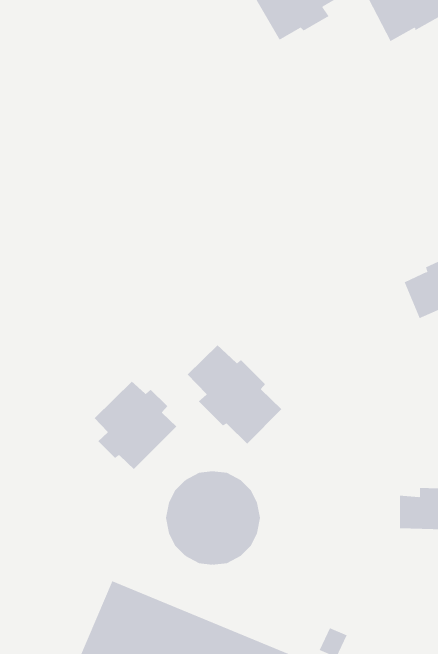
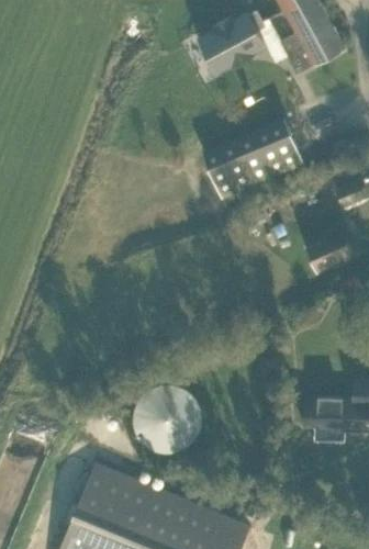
building: none -> [203,116,304,198]
building: [187,344,282,444] -> none
building: [94,381,177,470] -> none

